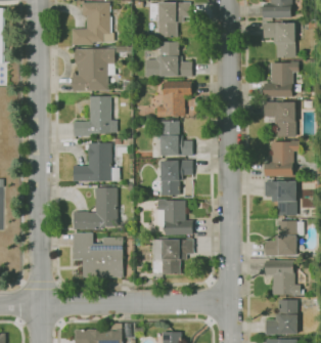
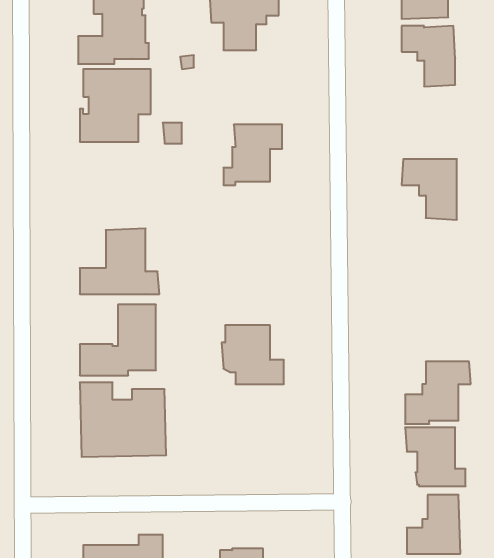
building: [145,41,192,77] -> none
building: [264,61,299,97] -> none
building: [74,96,117,136] -> none
building: [161,121,192,156] -> none
building: [264,141,300,177] -> none
building: [161,160,192,195] -> none
building: [265,181,296,215] -> none
building: [152,240,193,273] -> none

